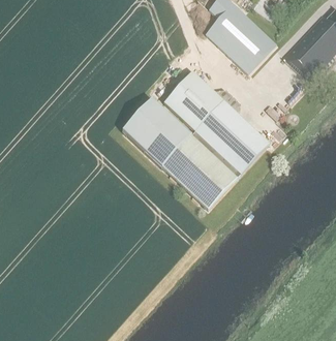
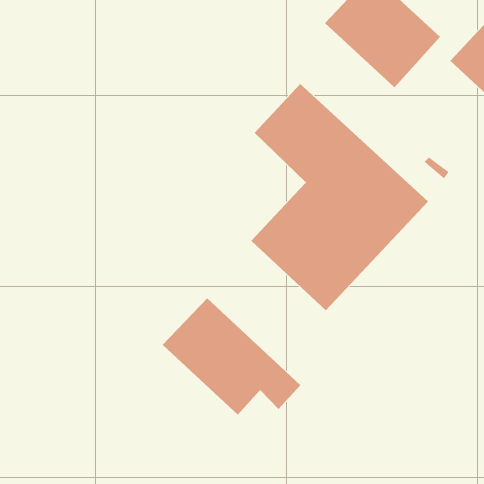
building: [123,98,190,165] -> none
building: none -> [162,298,301,415]

